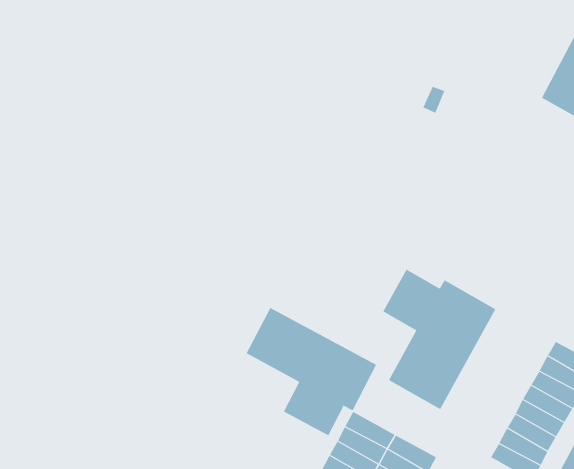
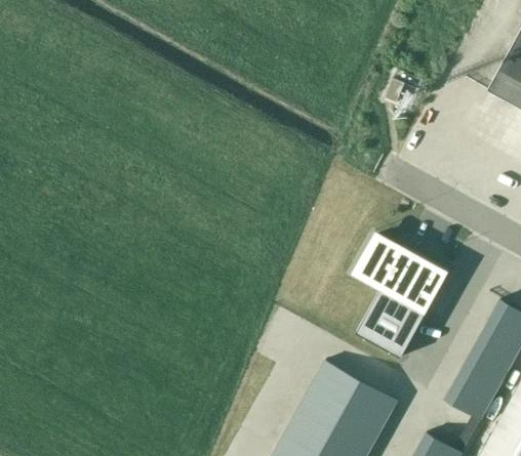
building: [246,307,377,436] -> none

